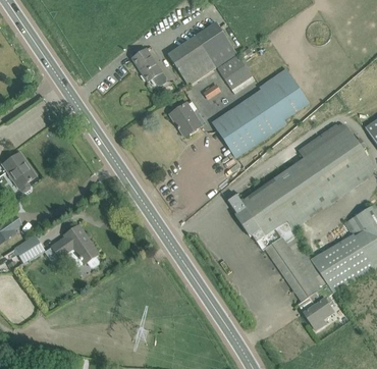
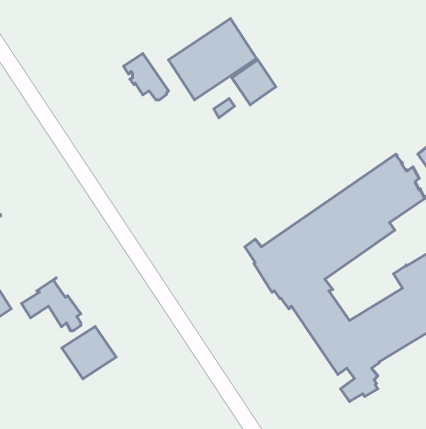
building: [213,68,308,156] -> none
building: [170,102,200,136] -> none
building: none -> [62,326,116,379]

